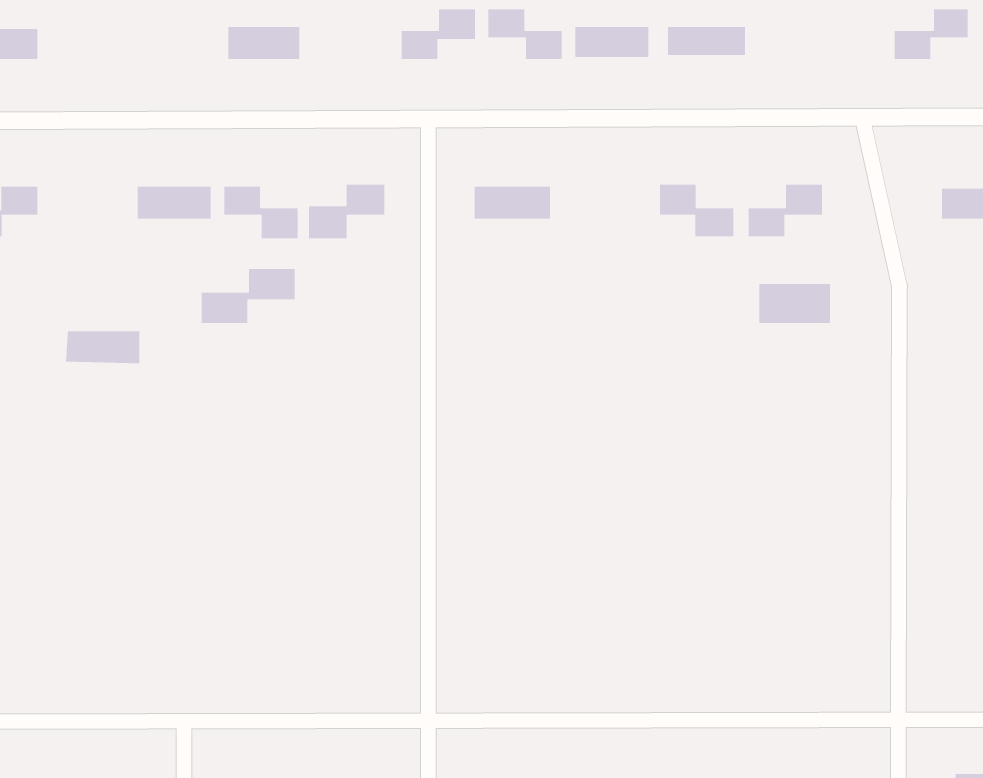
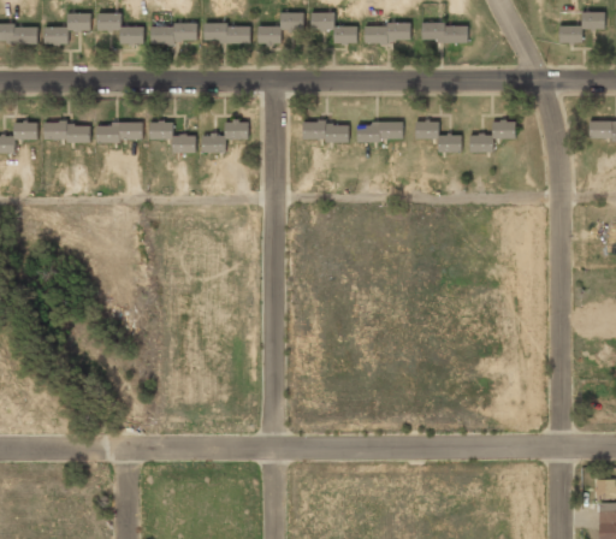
building: none -> [45,13,89,46]
building: none -> [97,13,143,46]
building: none -> [205,24,250,43]
building: none -> [356,123,403,142]
building: [201,268,296,324] -> none
building: [759,283,831,324] -> none
building: [65,331,140,364] -> [43,122,89,142]

